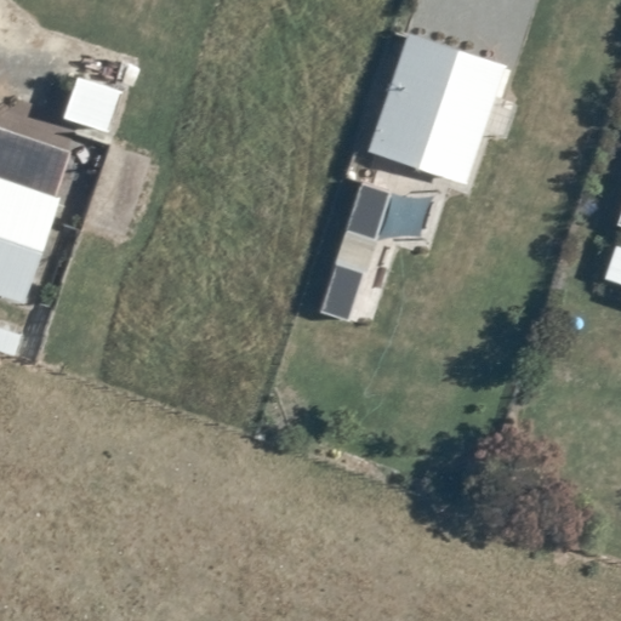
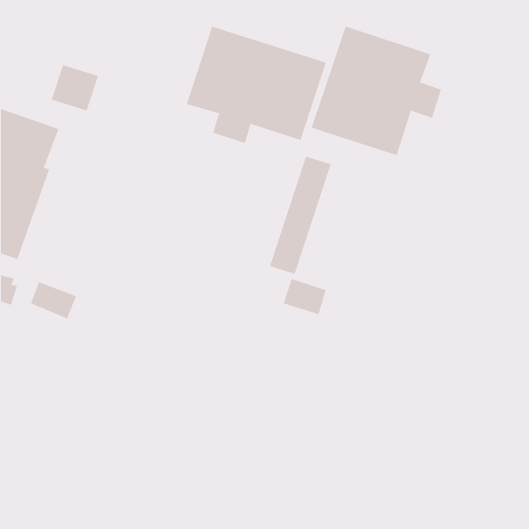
building: none -> [186,26,326,144]

